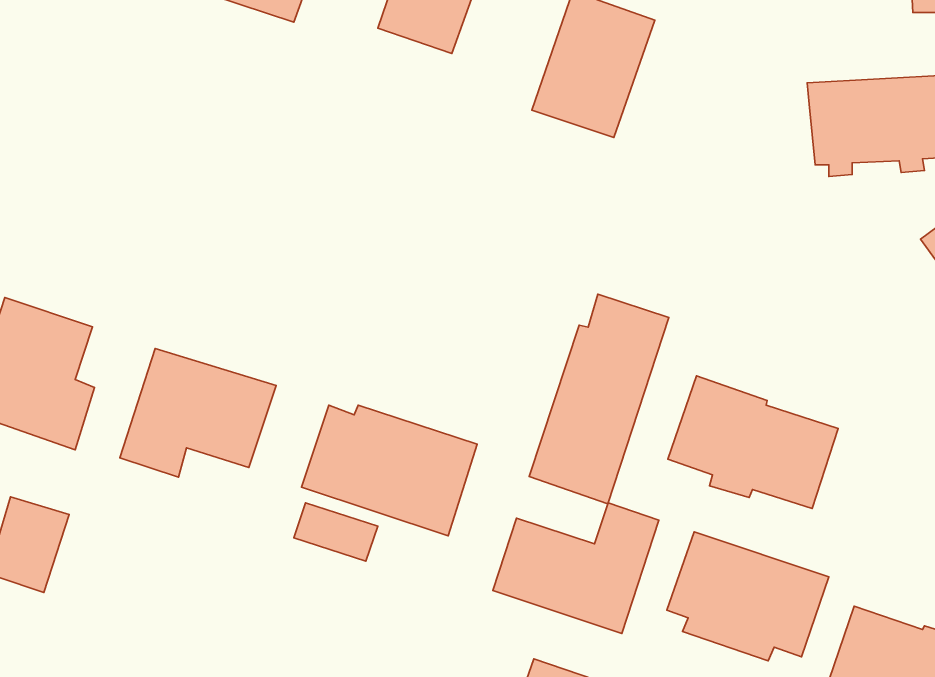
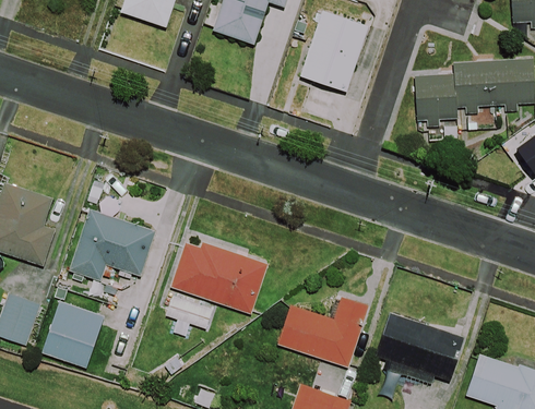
building: none -> [415,73,457,127]
building: [529,294,669,504] -> none
building: [668,376,838,509] -> none
building: none -> [41,301,104,369]

